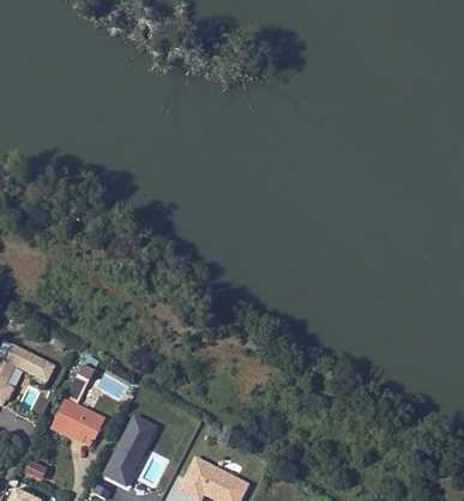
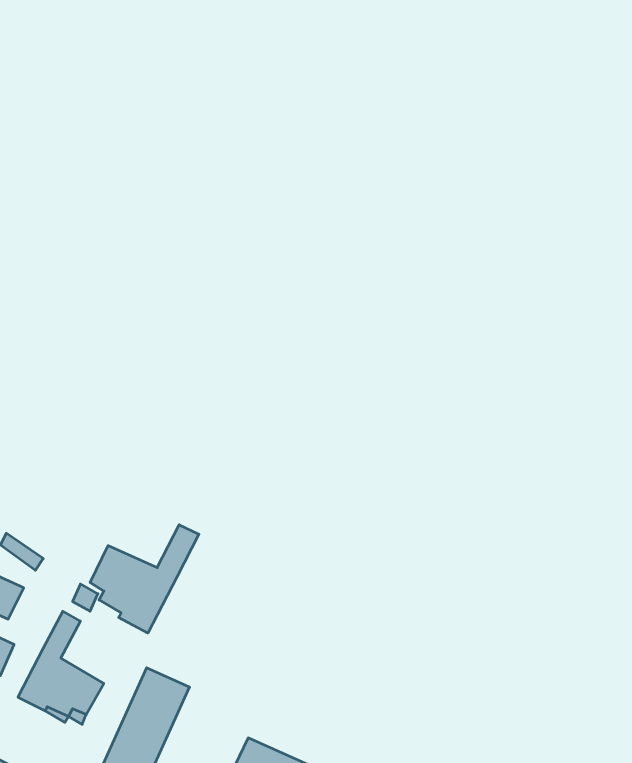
building: none -> [90,525,199,633]

